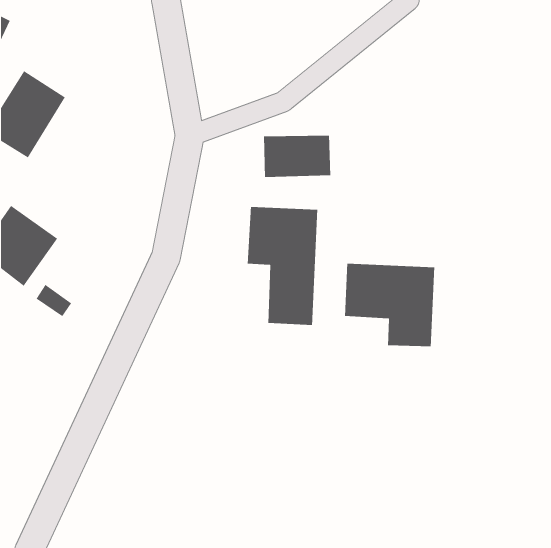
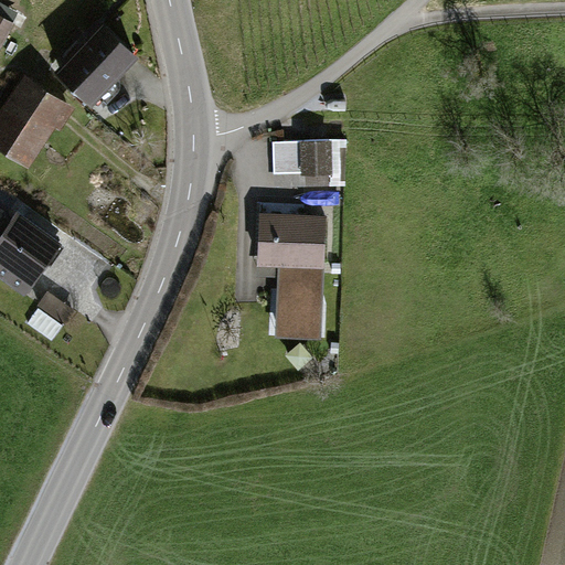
building: none -> [54,19,137,103]
building: [344,263,435,347] -> none

